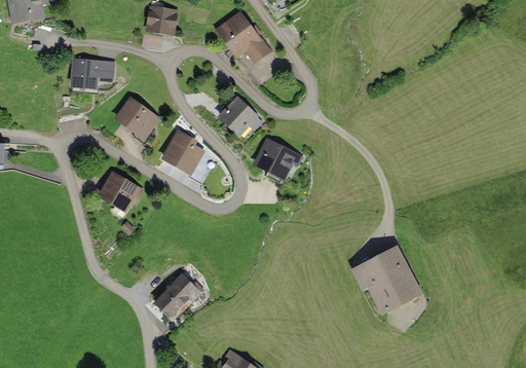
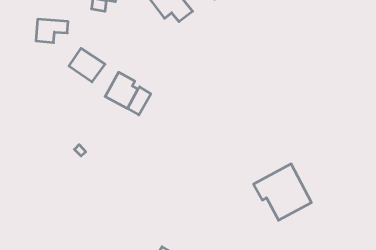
building: [217,97,262,137] -> none
building: [253,138,301,180] -> none
building: [97,171,143,212] -> none
building: [154,273,200,321] -> none

